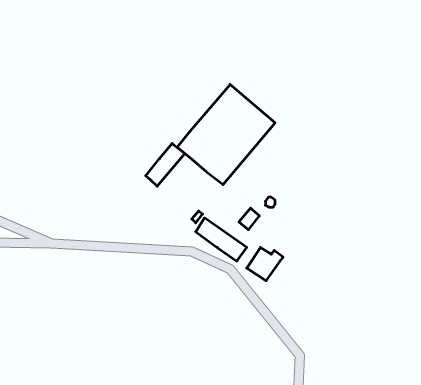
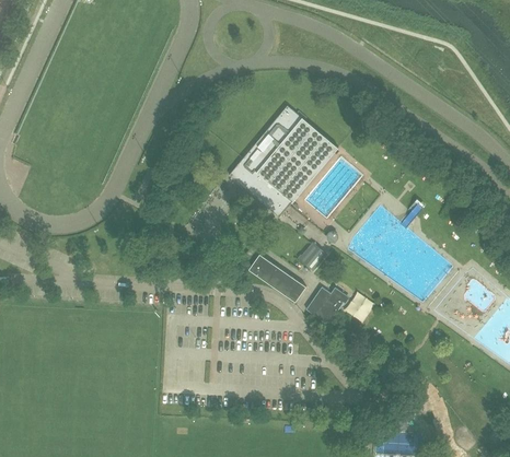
building: [146,143,185,186] -> none

